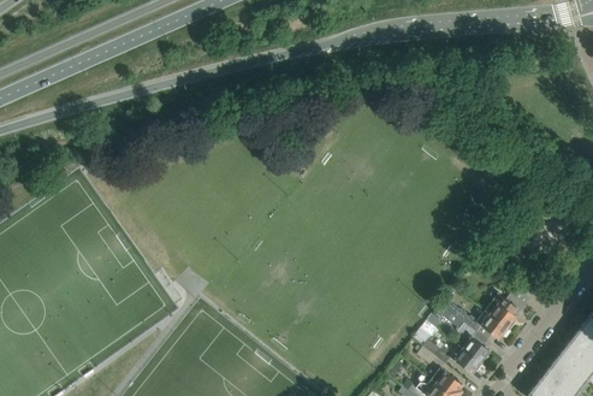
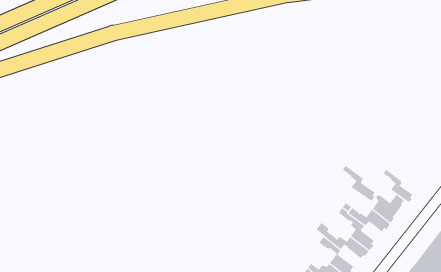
building: none -> [342,165,376,201]
building: none -> [383,169,413,203]

